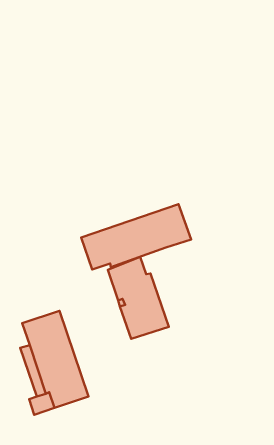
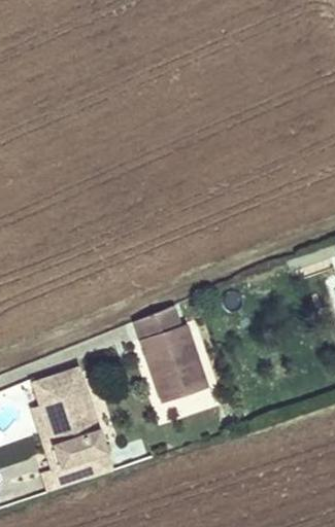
building: [81,204,191,270] -> none

